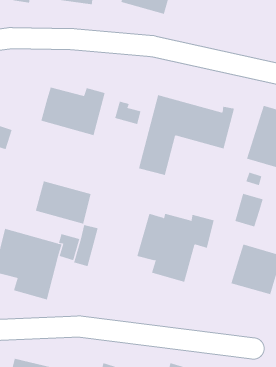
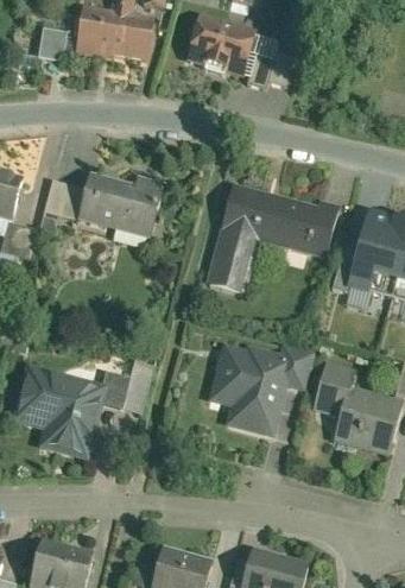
building: none -> [44,181,86,220]
building: [114,101,141,125] -> none
building: [35,181,91,225] -> none
building: [235,193,264,227] -> [316,362,355,409]

